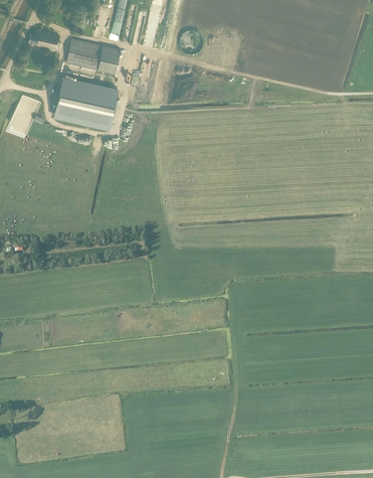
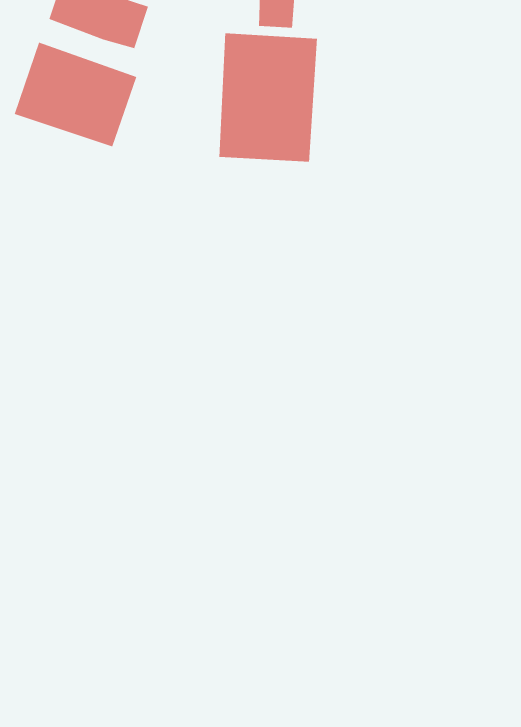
building: none -> [219,33,318,162]

